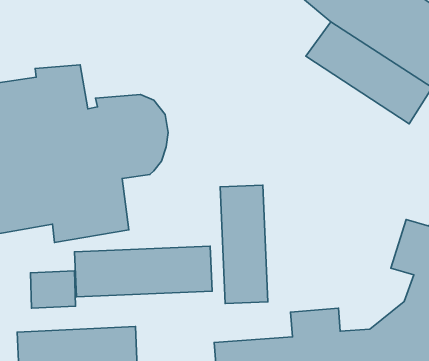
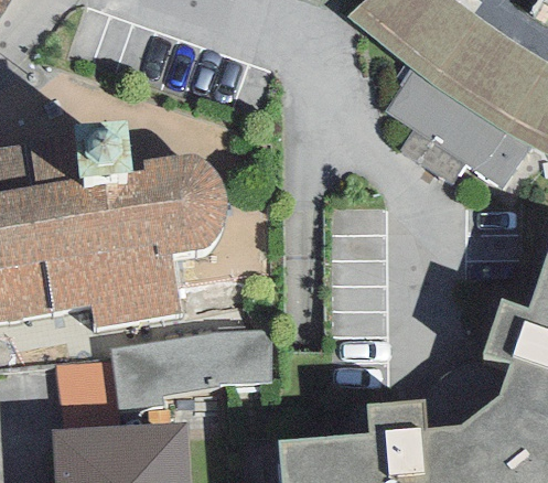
building: [220,185,268,304] -> none

